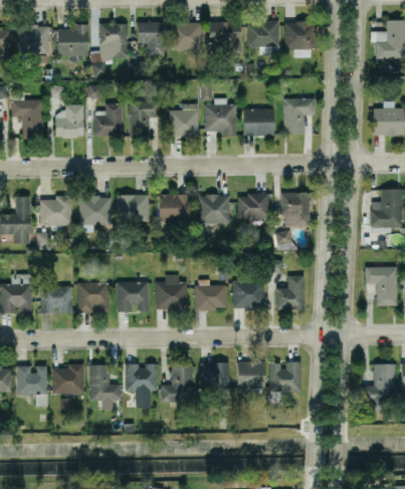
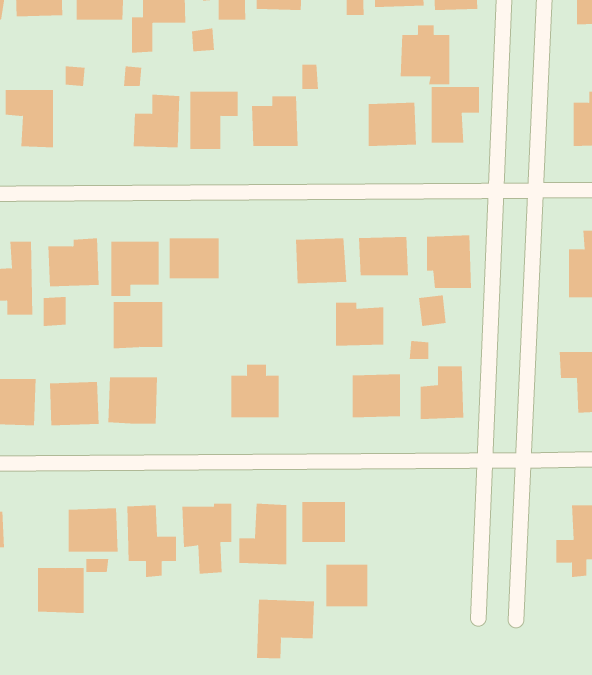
building: [204,98,236,137] -> [400,25,450,85]
building: [55,104,83,139] -> none
building: [158,194,190,224] -> none
building: [117,282,149,312] -> [113,302,163,349]
building: [195,282,226,310] -> [335,302,384,346]
building: [237,362,264,390] -> [326,564,368,607]
building: [269,362,300,393] -> none
building: [16,366,46,396] -> [37,568,85,613]
building: none -> [257,599,314,659]

